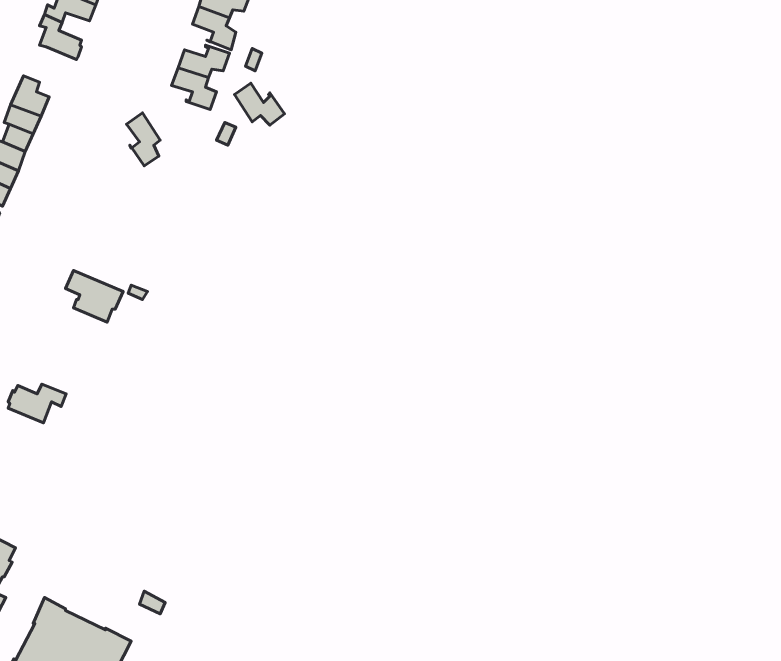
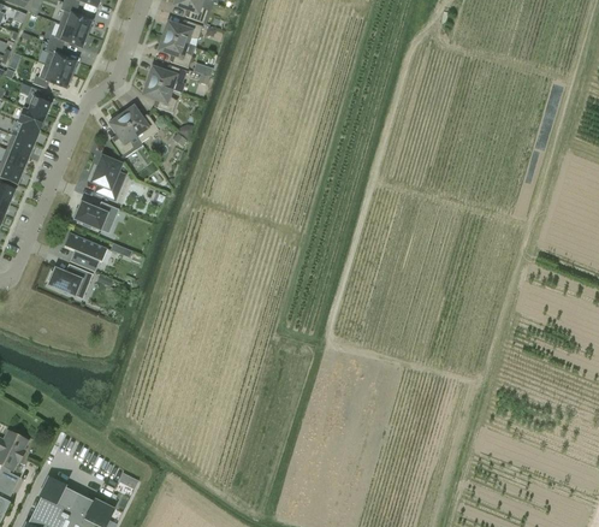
building: none -> [32,64,72,88]
building: [235,83,284,125] -> [121,106,159,137]
building: none -> [91,156,120,196]
building: none -> [72,201,118,229]
building: [8,384,66,423] -> [48,266,91,295]

